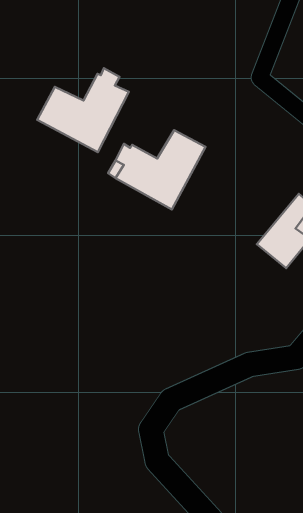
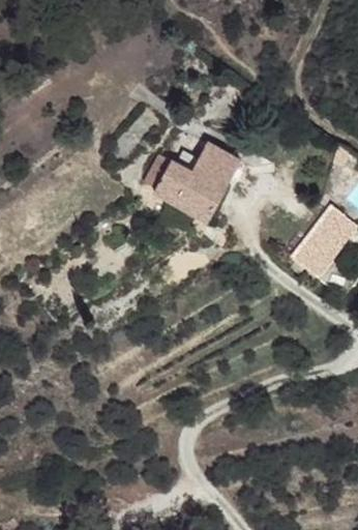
building: [37,68,129,152] -> none

